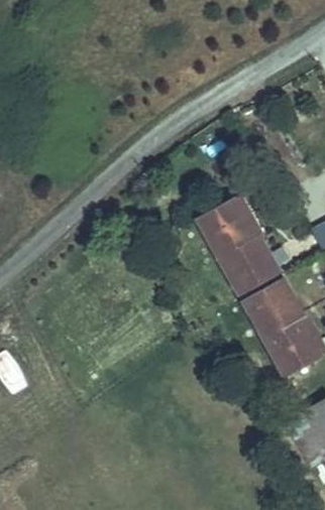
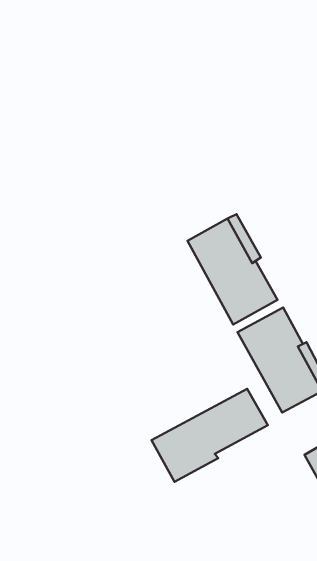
building: none -> [151,389,268,482]

